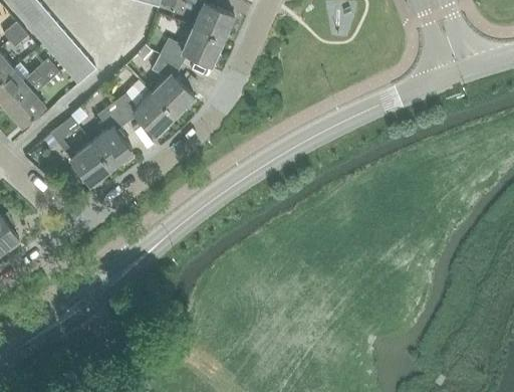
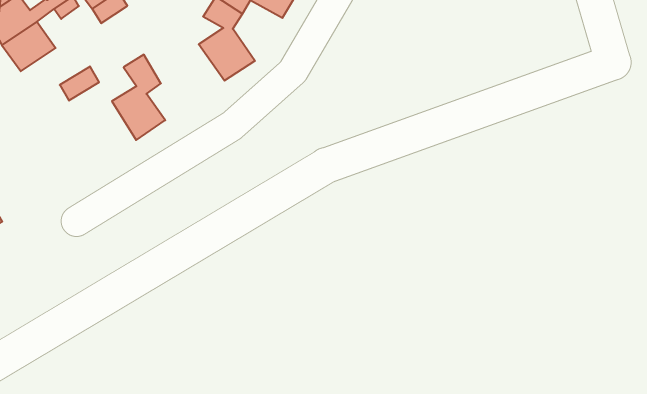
building: [111,84,174,135] -> none
building: [61,142,112,186] -> none

